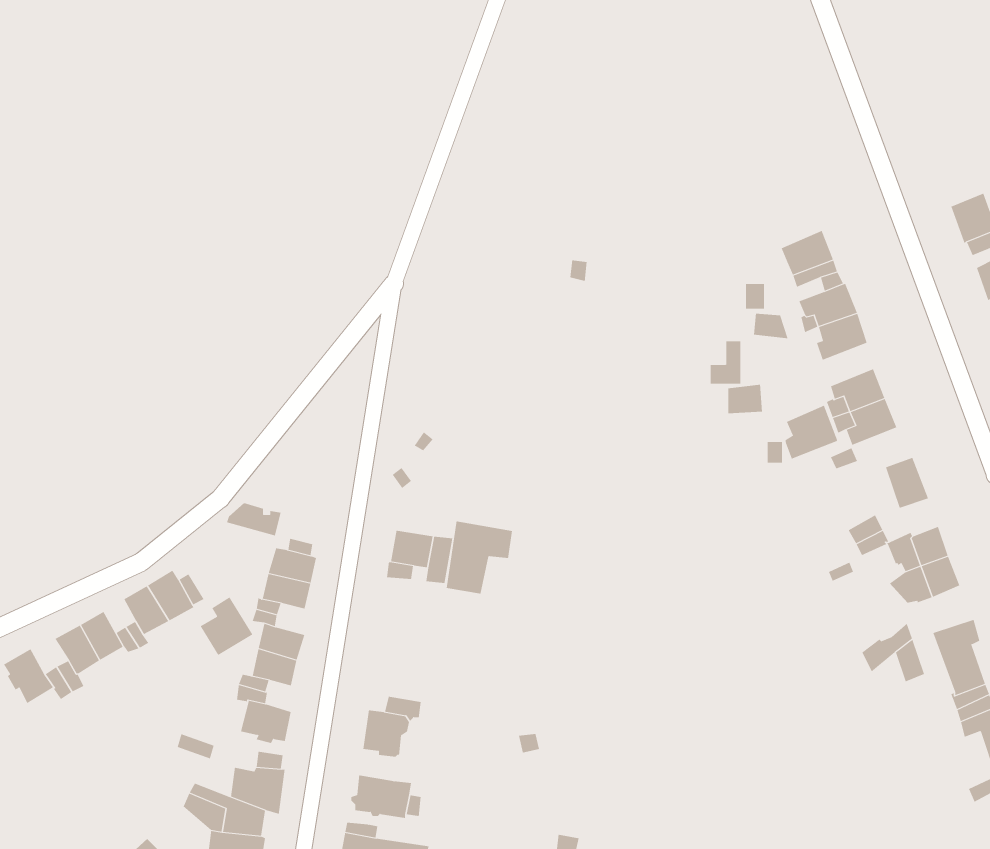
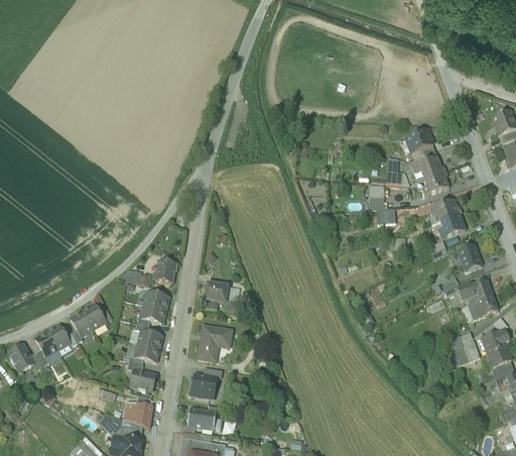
building: [785,405,838,460] -> none
building: none -> [155,259,176,283]
building: [446,521,513,594] -> [197,325,231,362]
building: [200,596,253,656] -> none

